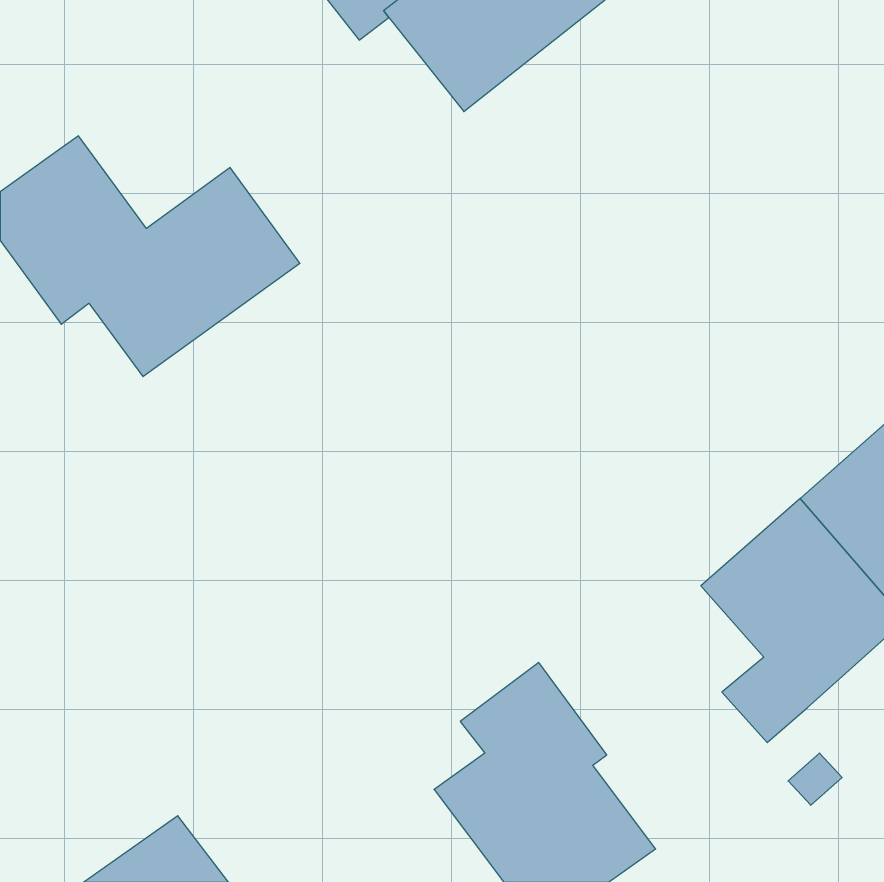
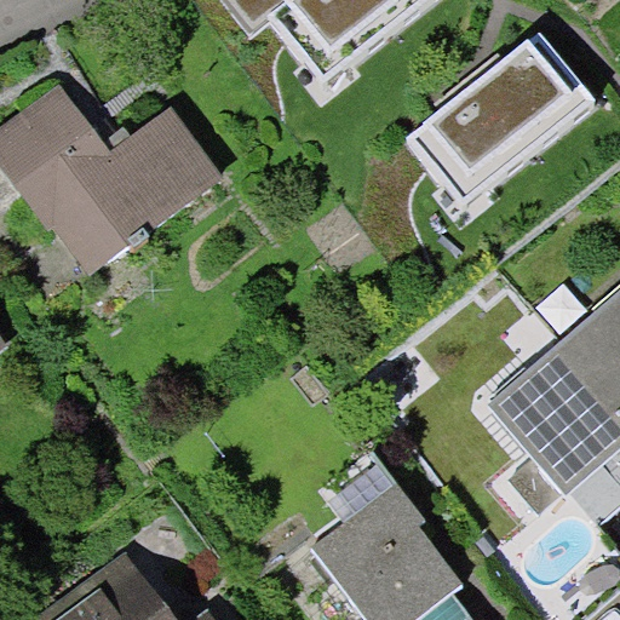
building: none -> [412,24,599,200]

